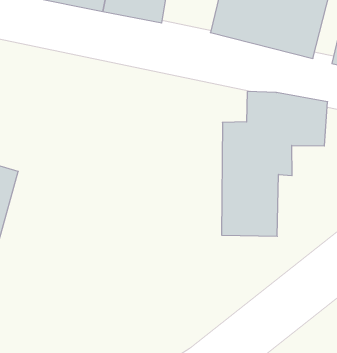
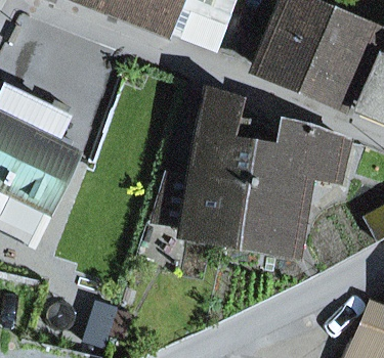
building: none -> [186,90,254,239]

